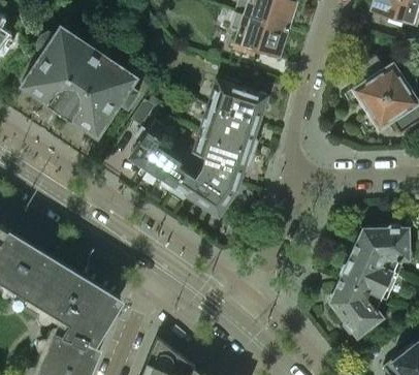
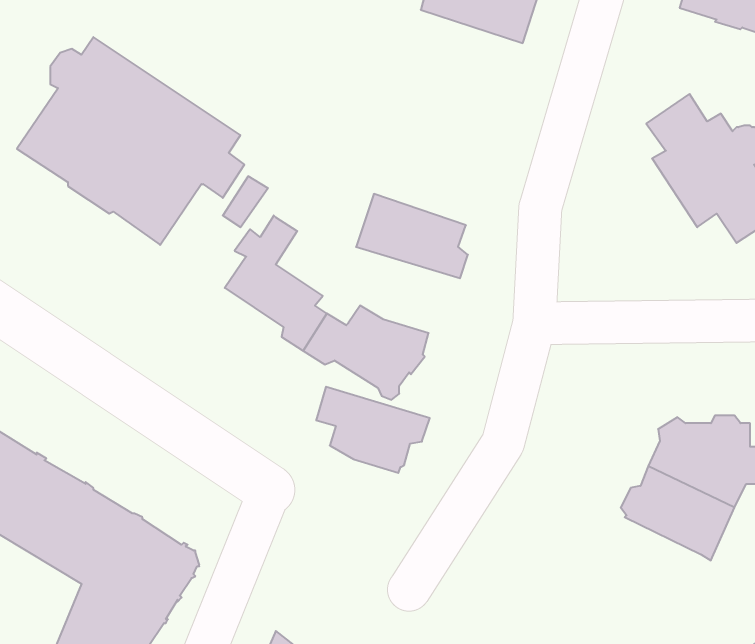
building: [227,12,288,59] -> none
building: [210,77,267,126] -> none
building: [195,137,255,183] -> [316,387,430,473]
building: [331,280,387,337] -> none

